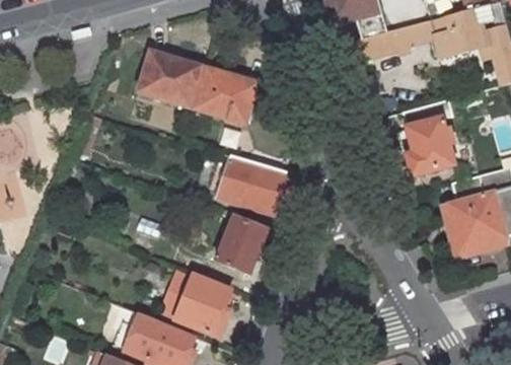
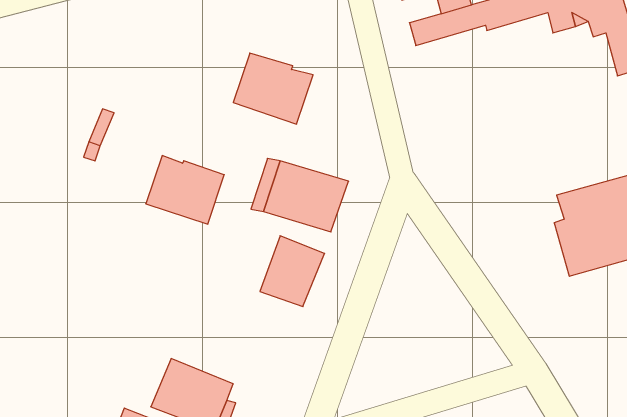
building: [139,53,202,107] -> [146,156,224,224]
building: [393,104,450,175] -> none
building: [163,274,237,337] -> none

